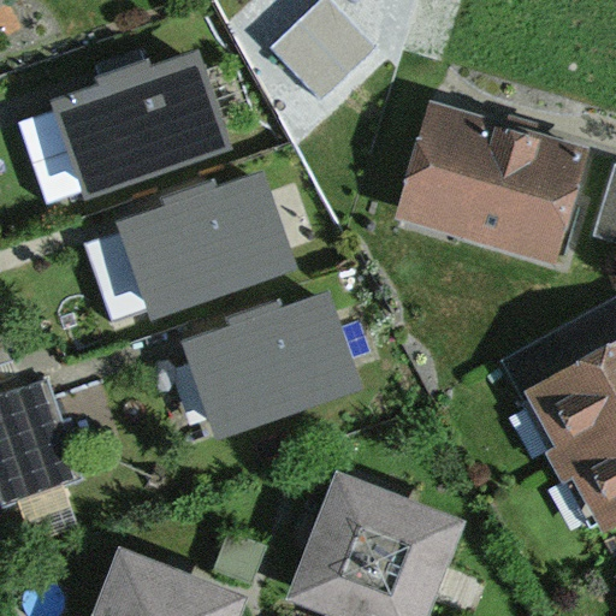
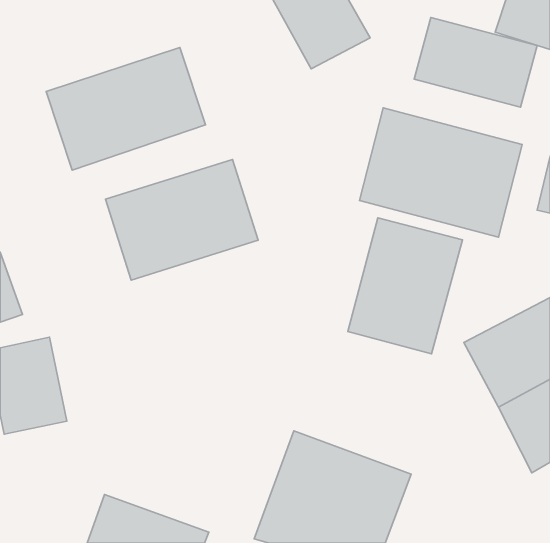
building: none -> [414,18,537,107]
building: none -> [348,218,462,354]
building: [171,292,354,437] -> none

